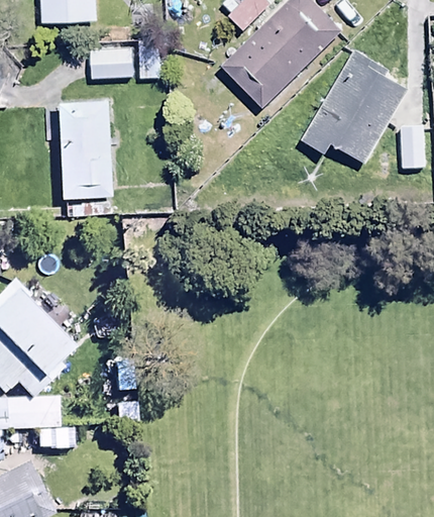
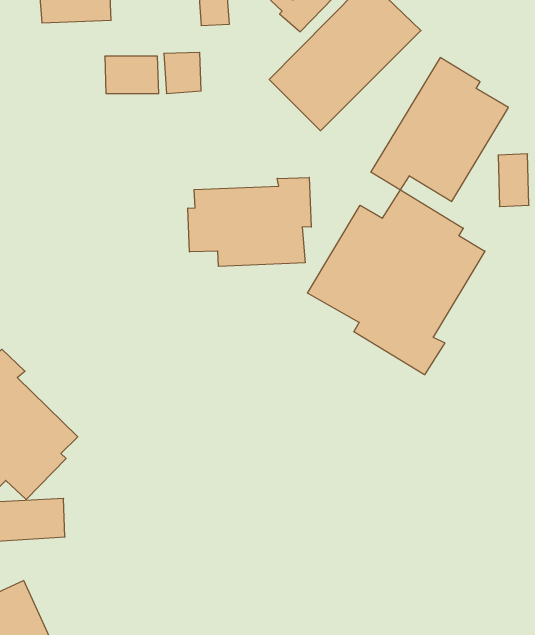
building: [57,99,117,201] -> none
building: none -> [188,177,311,266]
building: none -> [307,190,485,375]

